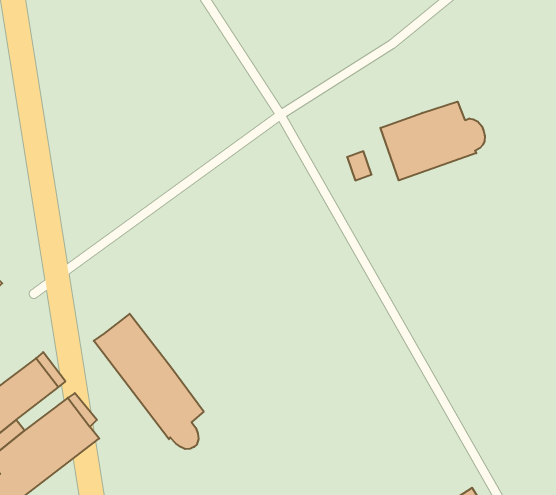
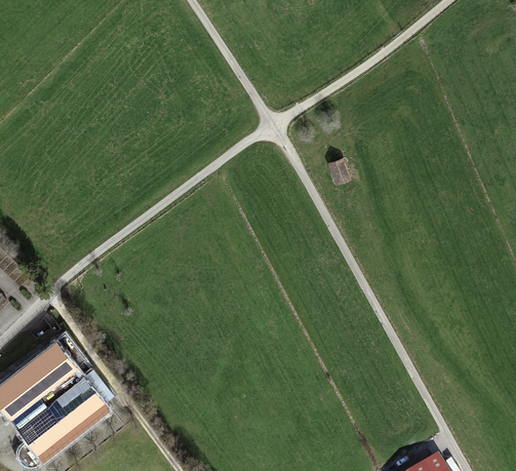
building: [380,102,485,180] -> none
building: [94,314,204,449] -> none

